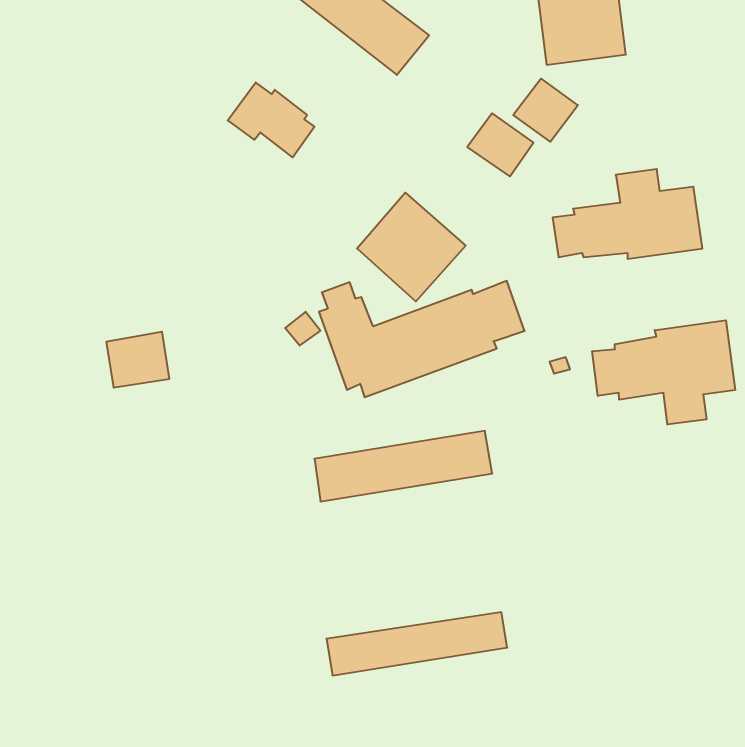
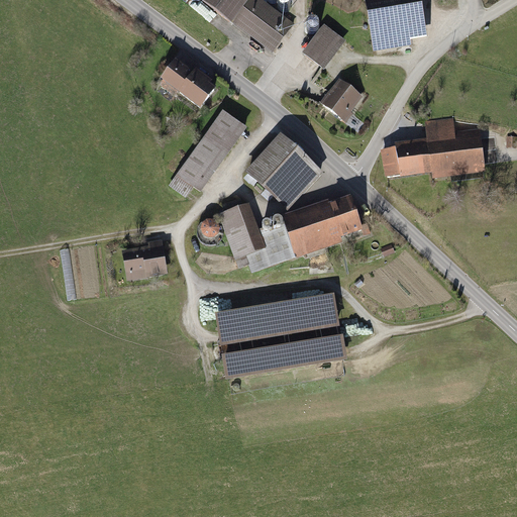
building: [513,79,578,142] -> [302,23,346,67]
building: none -> [167,107,246,196]
building: [592,320,735,425] -> none
building: [106,332,169,388] -> [122,242,166,281]
building: [326,612,507,675] -> [222,336,346,380]

